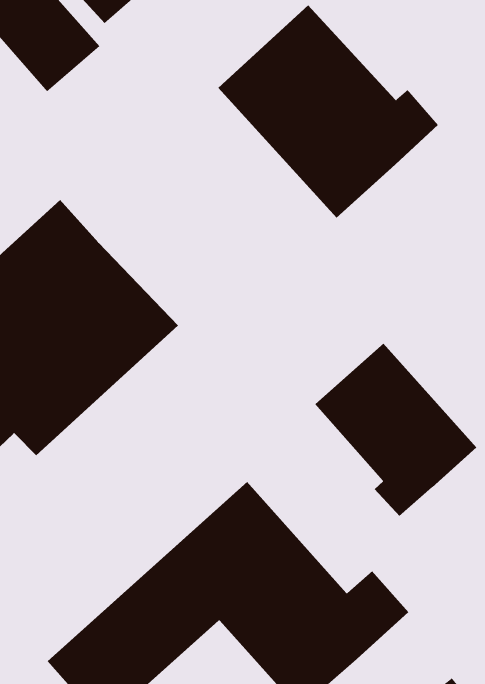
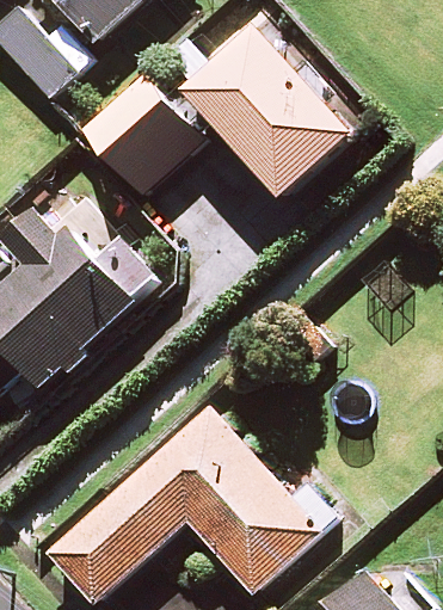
building: none -> [82,78,201,196]
building: [314,343,477,517] -> none

